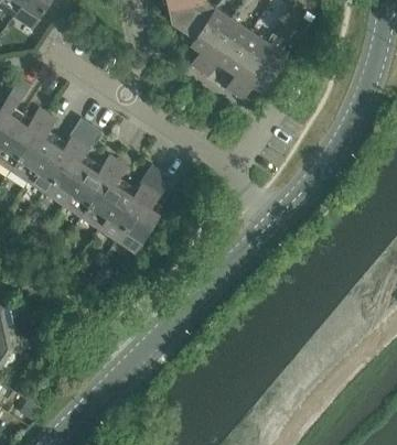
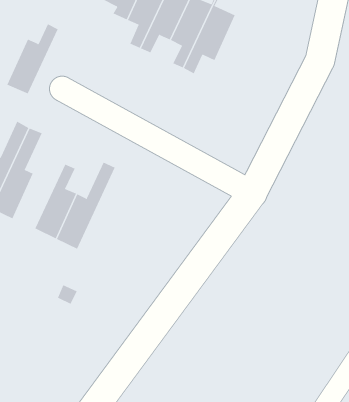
building: [64,156,117,216] -> [7,23,59,94]
building: [117,173,171,251] -> none

